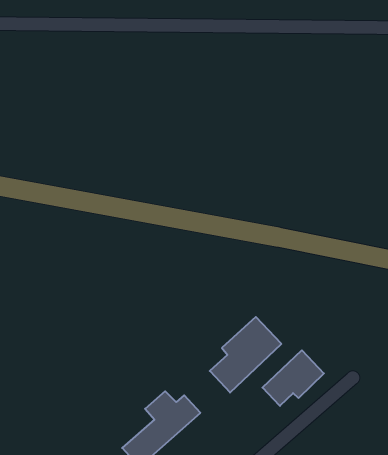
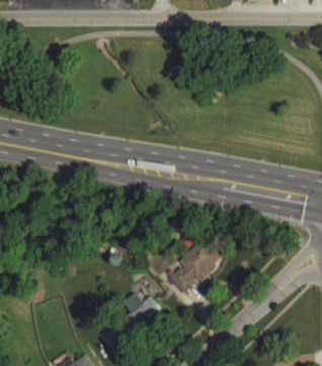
building: [262,350,324,406] -> none

